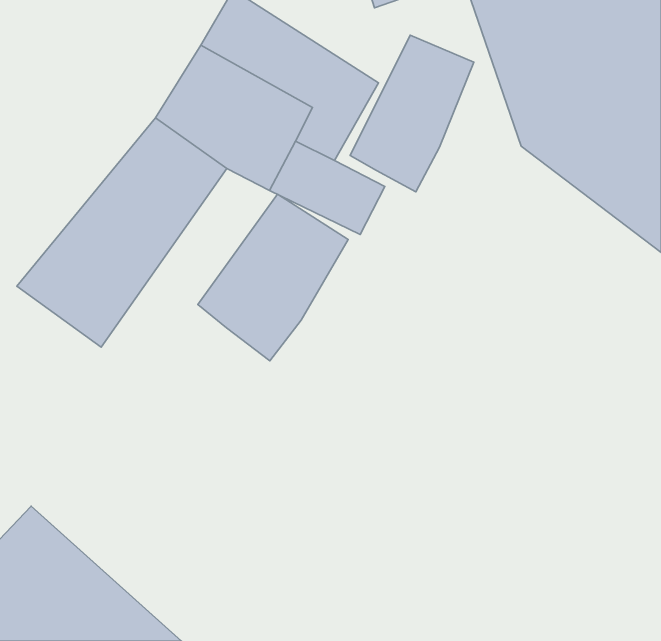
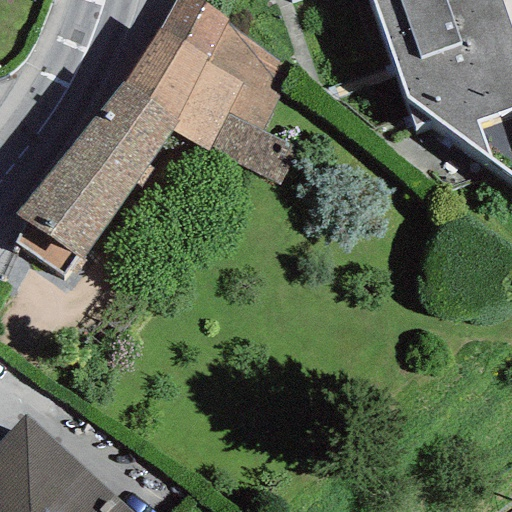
building: [350,35,474,192] -> none
building: [198,194,348,361] -> none

